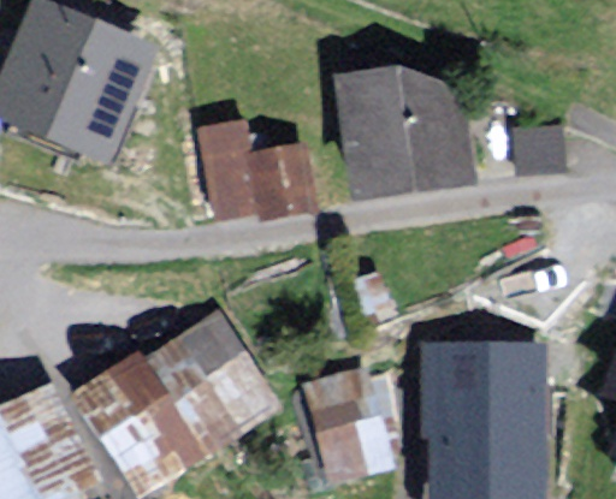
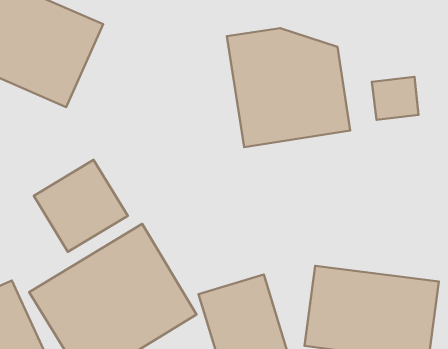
building: [199,119,322,220] -> none
building: none -> [34,160,128,252]

